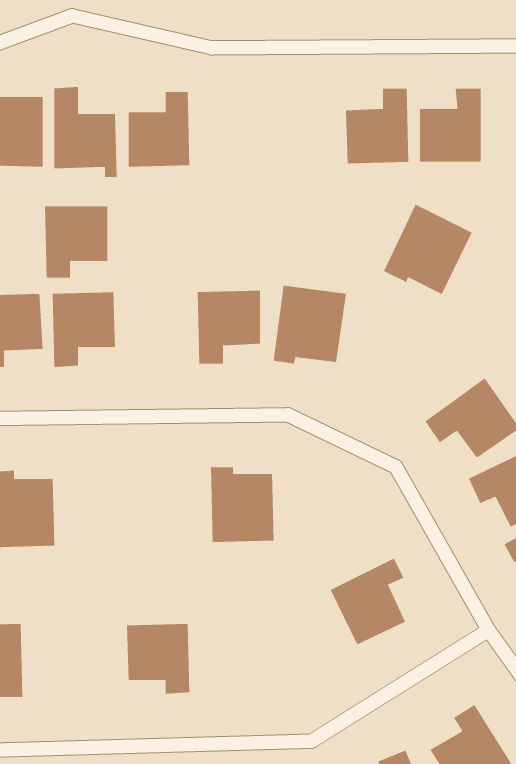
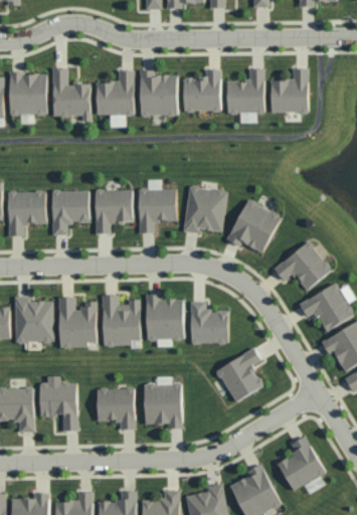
building: none -> [184,69,220,111]
building: none -> [139,70,178,117]
building: [383,204,472,295] -> [227,199,281,253]
building: [44,206,108,278] -> [95,190,133,233]
building: none -> [102,295,141,346]
building: none -> [58,297,97,348]
building: none -> [190,301,228,344]
building: none -> [39,376,77,431]
building: none -> [144,384,181,428]

